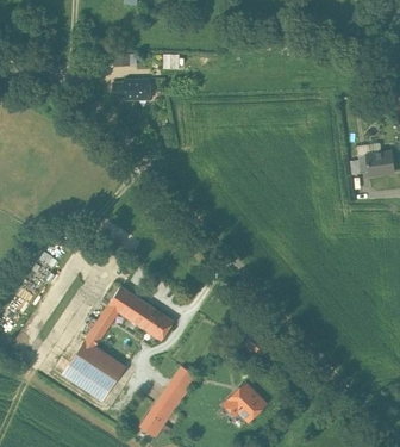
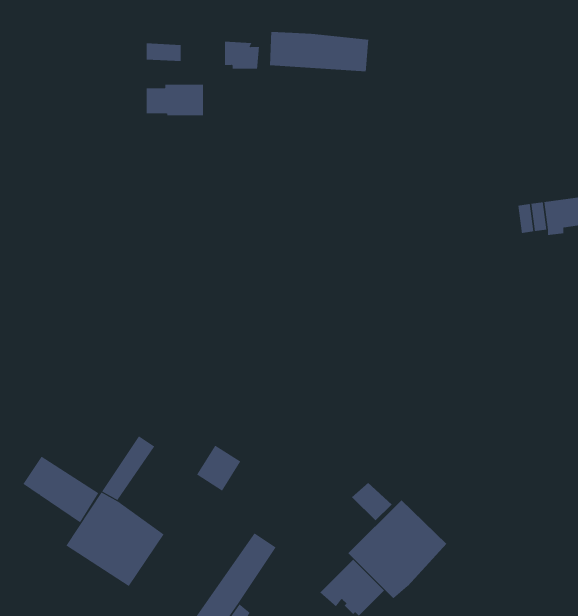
building: none -> [269,31,369,72]
building: [107,286,156,329] -> [22,456,99,523]
building: none -> [347,500,447,599]

